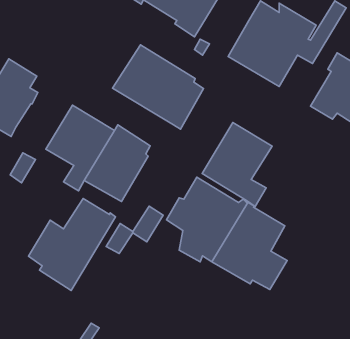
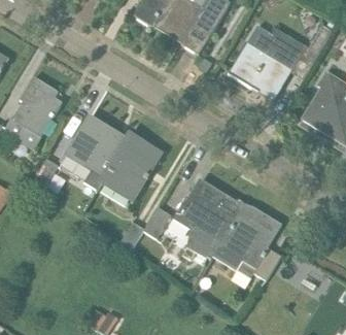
building: [113,45,204,129] -> none
building: [202,123,272,206] -> none
building: [28,198,115,291] -> none

